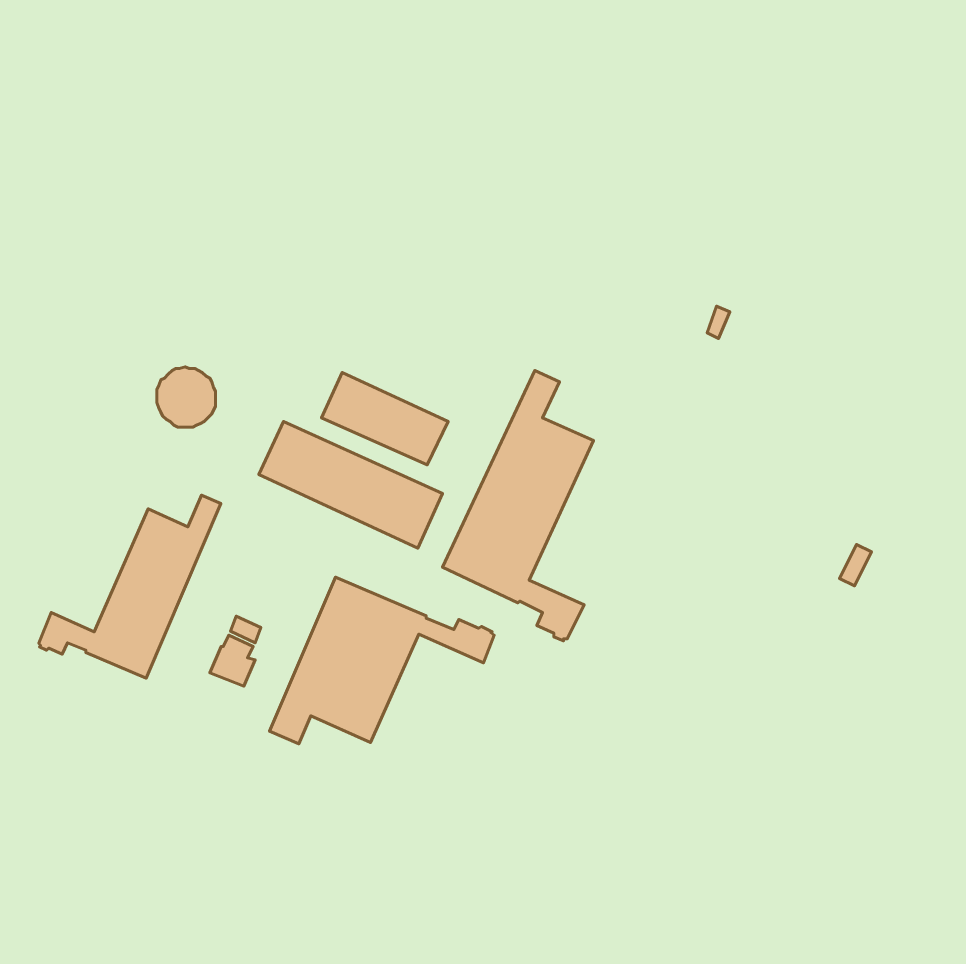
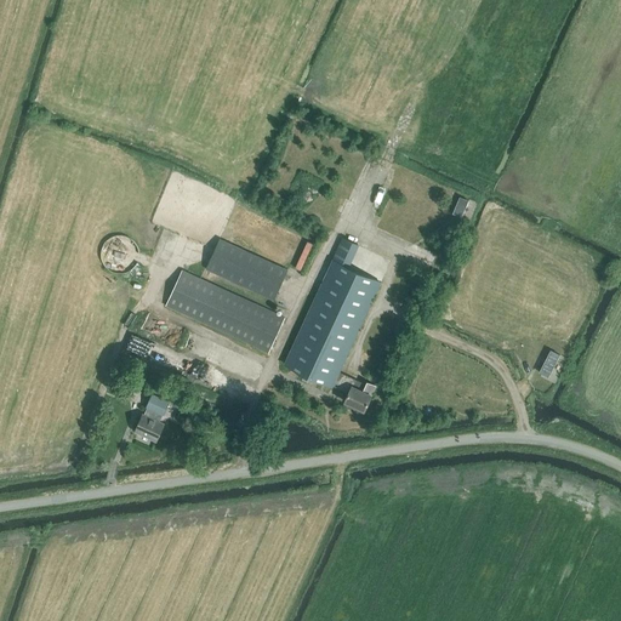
building: [39,495,221,678] -> none
building: [270,577,494,744] -> none

